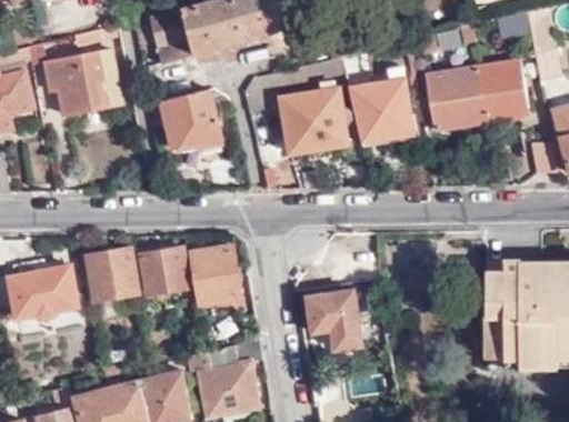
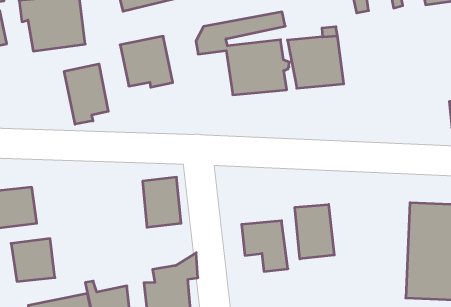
building: [425,61,527,135] -> none
building: none -> [64,64,108,124]
building: [87,250,138,300] -> [11,239,55,281]
building: [140,250,189,295] -> none
building: none -> [295,204,334,259]

